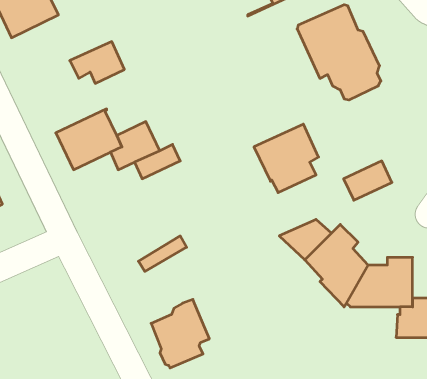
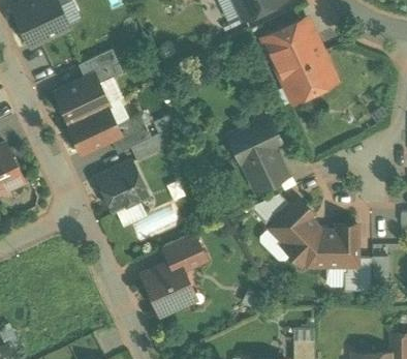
building: none -> [55,74,107,124]
building: [344,161,392,200] -> [247,158,286,190]
building: none -> [96,161,147,212]
building: none -> [162,234,205,270]

